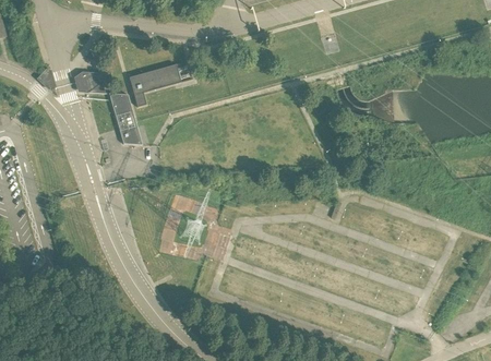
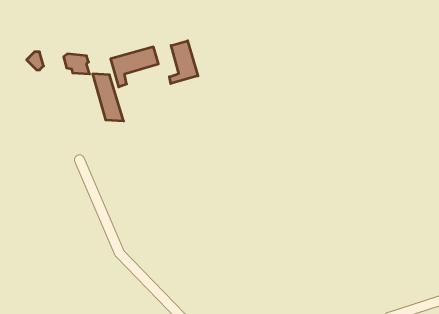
building: none -> [169,41,198,84]

